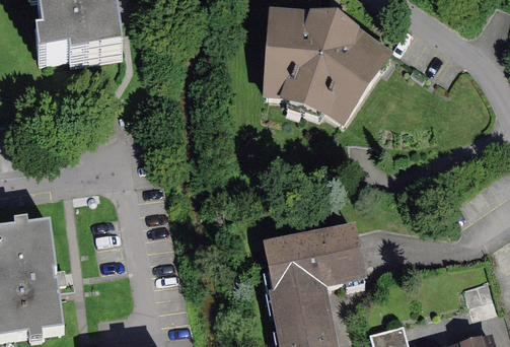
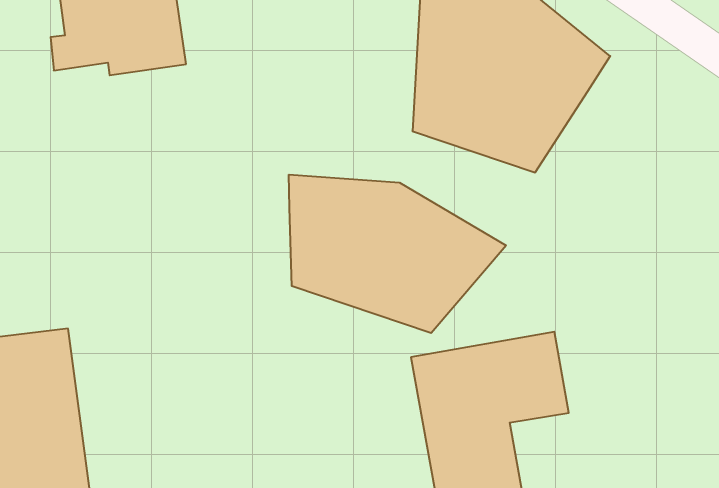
building: none -> [289,175,506,333]

